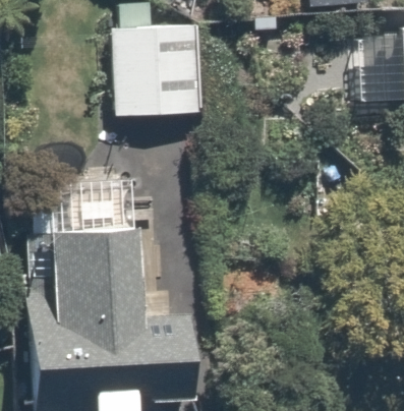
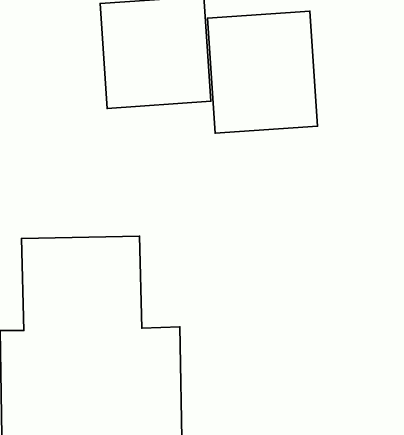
building: none -> [207,11,318,133]

